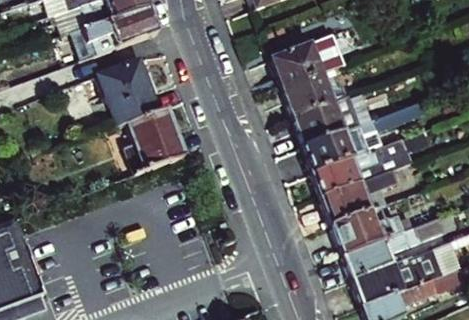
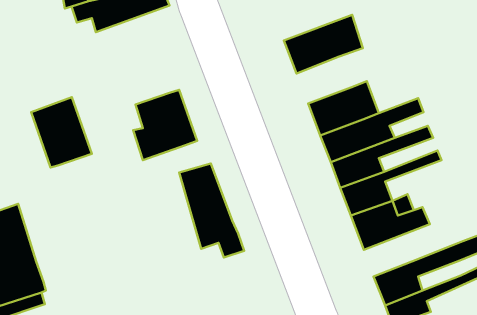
building: [105,54,162,120] -> [31,97,92,168]
building: [281,73,332,117] -> none
building: none -> [179,163,244,257]
building: [344,217,443,279] -> none

